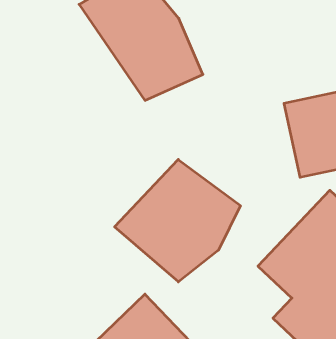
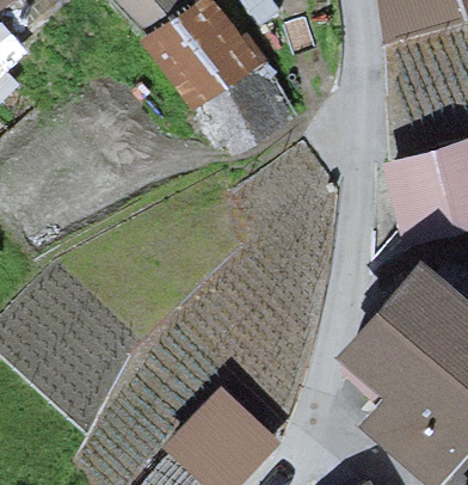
building: [115,159,240,282] -> none

